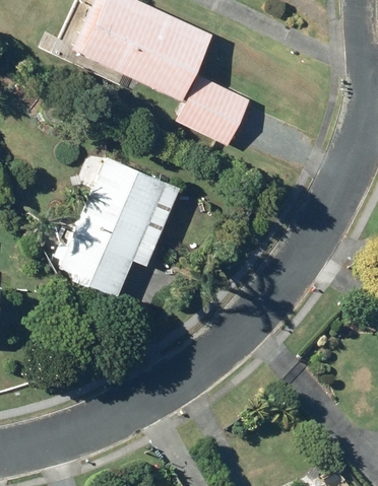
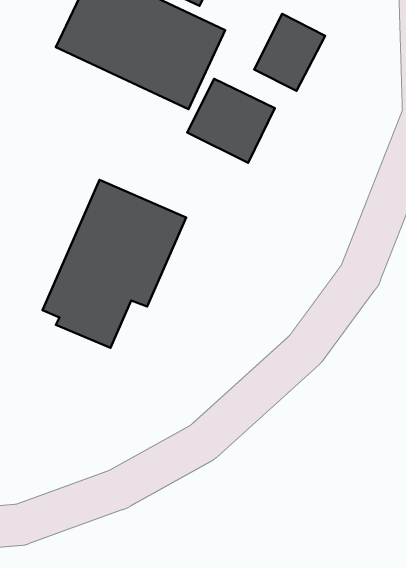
building: none -> [254,14,325,91]

